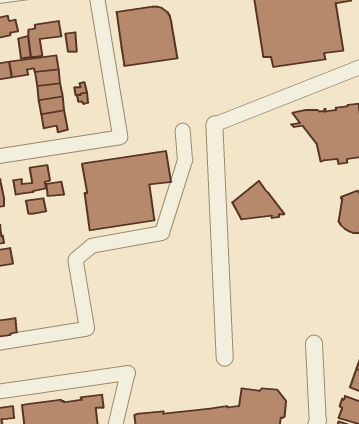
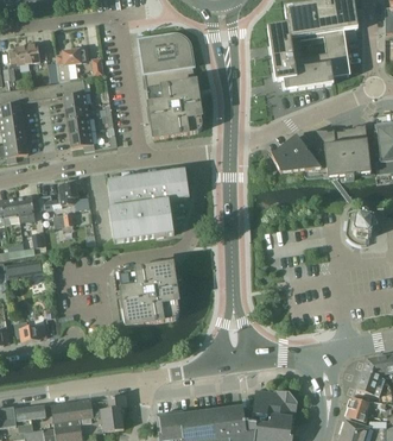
building: none -> [146,81,202,138]
building: [232,181,284,219] -> [271,134,319,170]
building: none -> [113,263,179,325]

